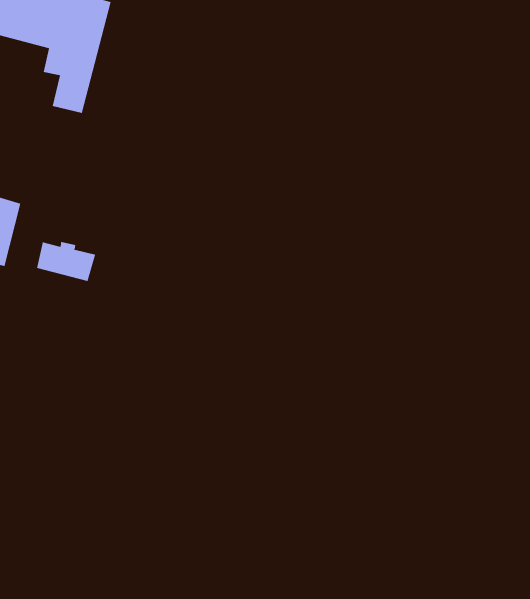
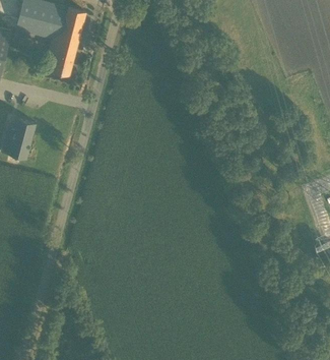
building: [36,241,96,282] -> none

